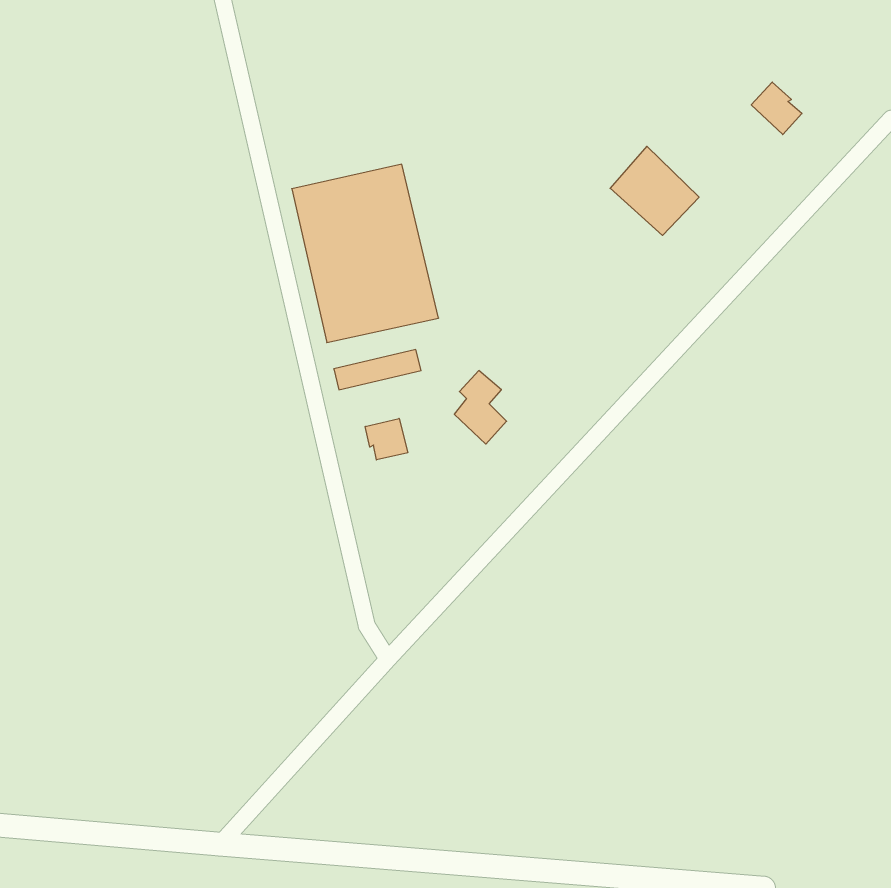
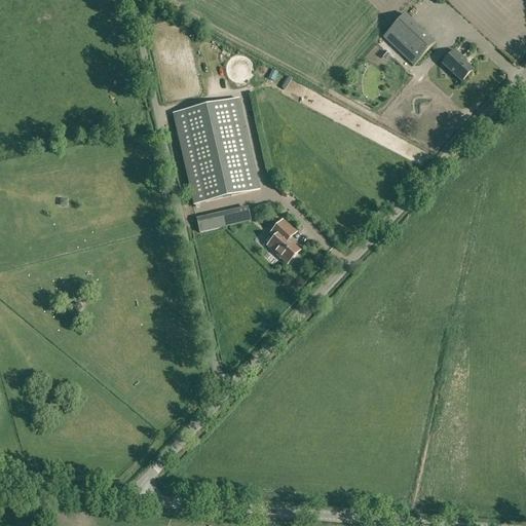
building: [610,146,699,235] -> [382,10,435,63]
building: [365,418,408,460] -> none

